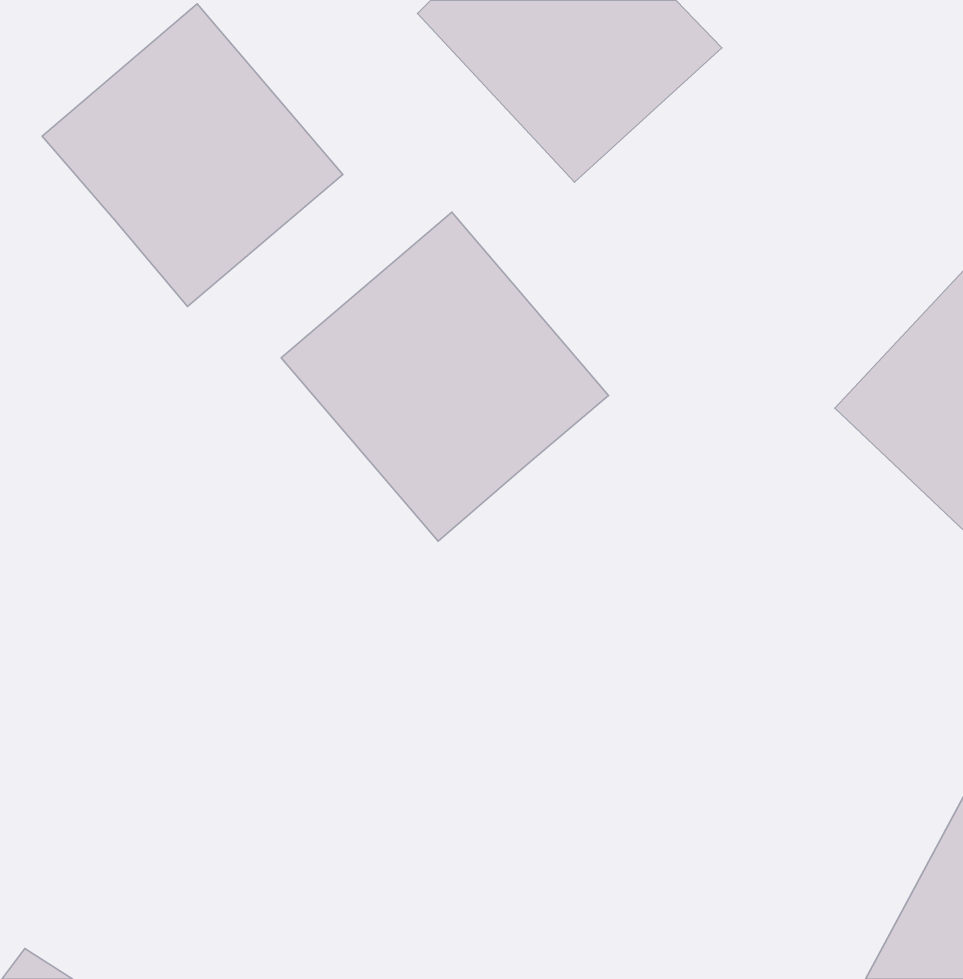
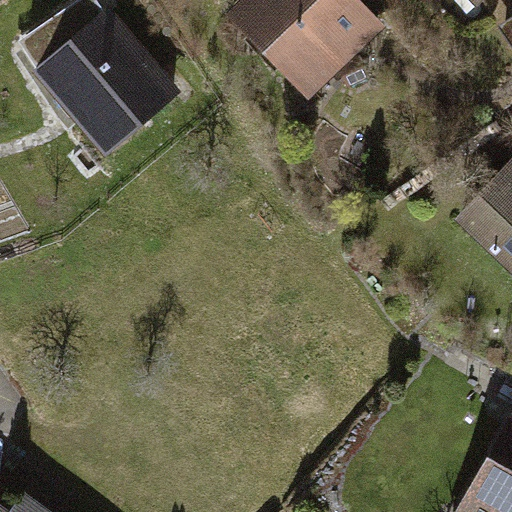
building: [281,212,609,541] -> none

